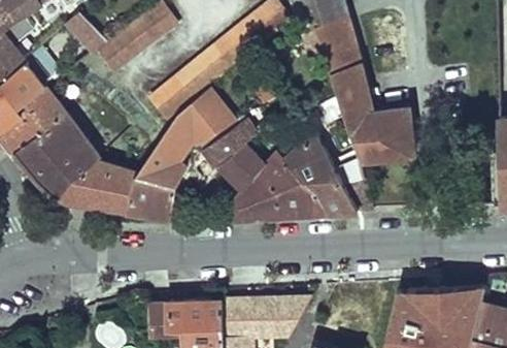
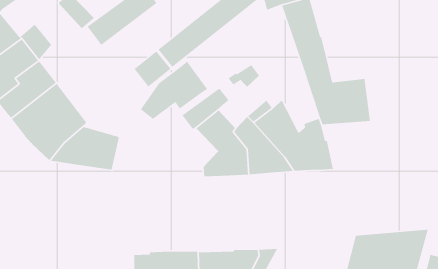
building: [127,144,178,219] -> none

